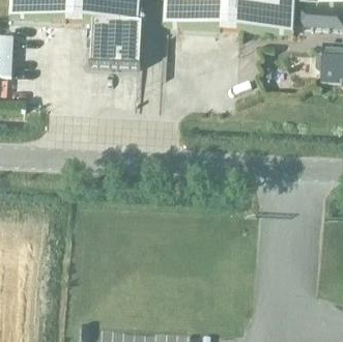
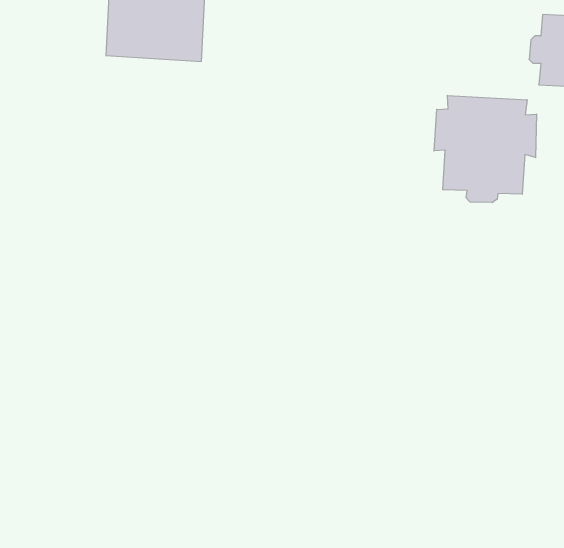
building: none -> [434,95,536,203]

